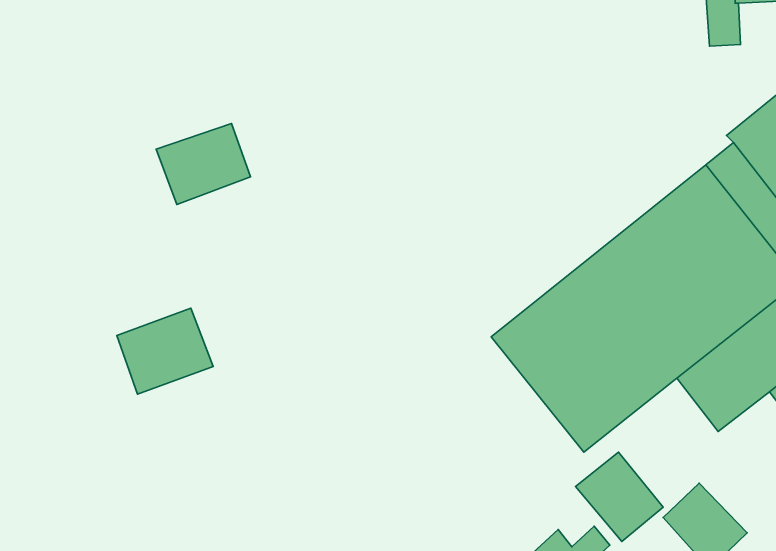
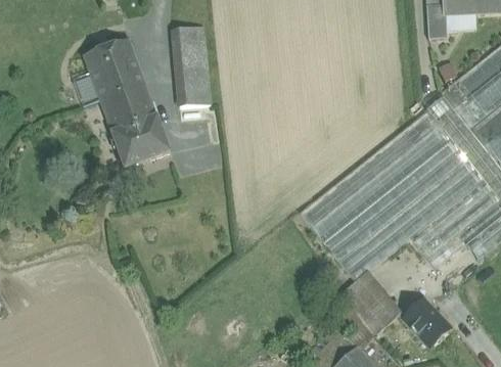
building: none -> [172,26,211,106]
building: none -> [84,40,144,99]
building: [117,308,213,394] -> [111,116,169,167]

